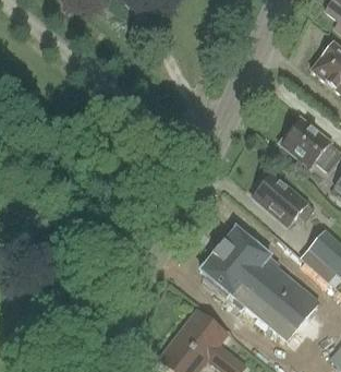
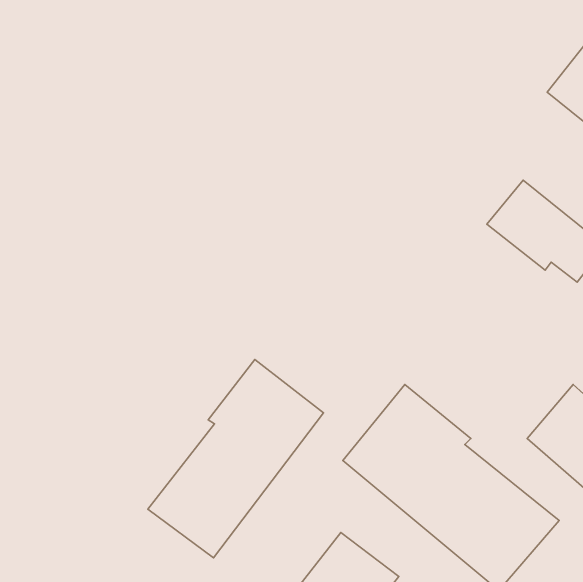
building: [251,172,313,226] -> none
building: none -> [148,360,324,558]

